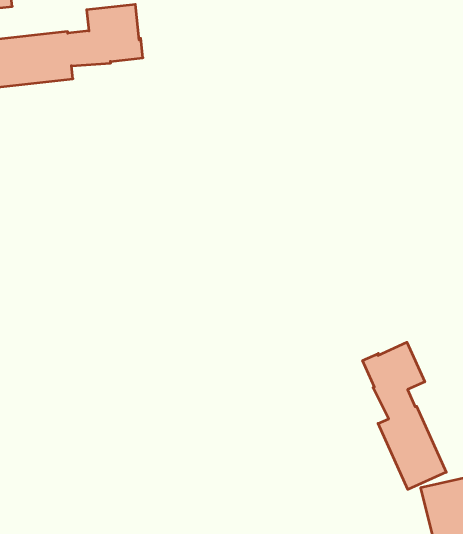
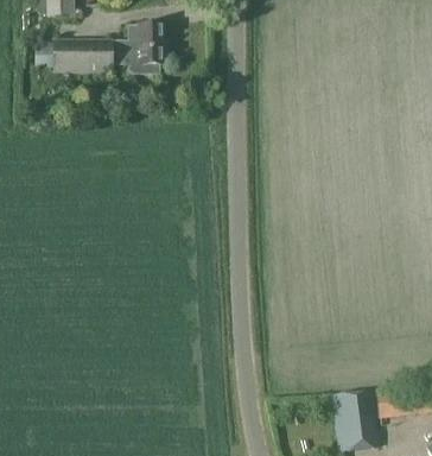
building: [363,342,446,489] -> none

